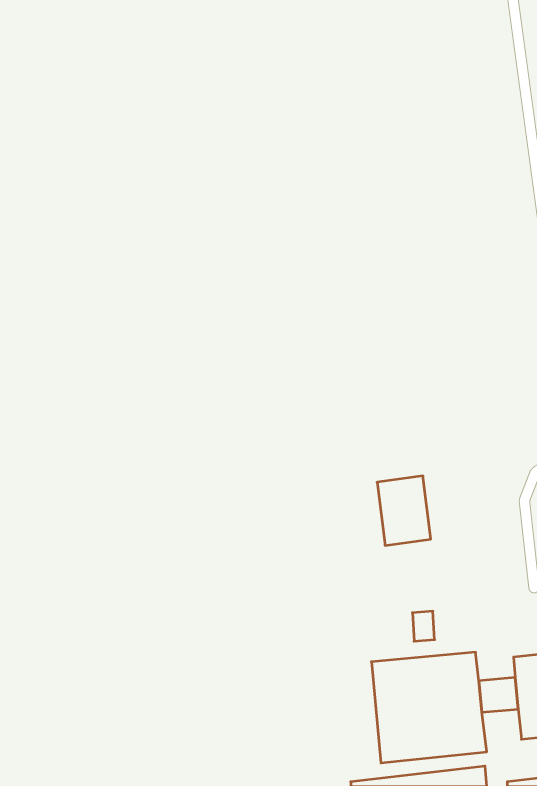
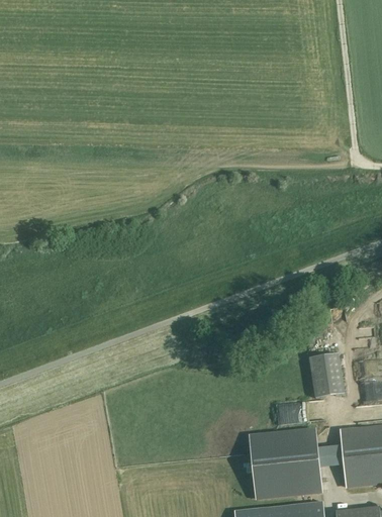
building: [377,476,431,545] -> [309,352,344,397]

